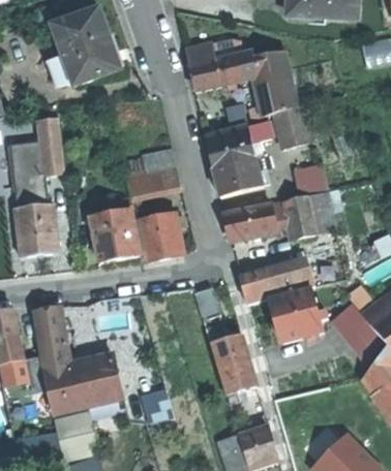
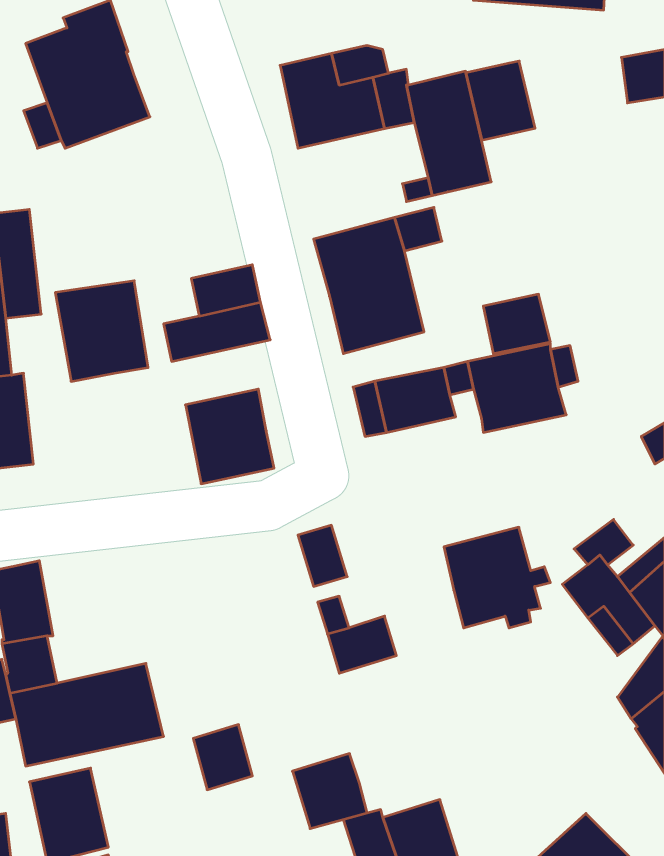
building: [274,104,310,146] -> [466,61,535,140]
building: [89,212,138,264] -> [55,281,148,381]
building: [240,260,314,303] -> none
building: [217,353,257,392] -> [292,754,367,829]

